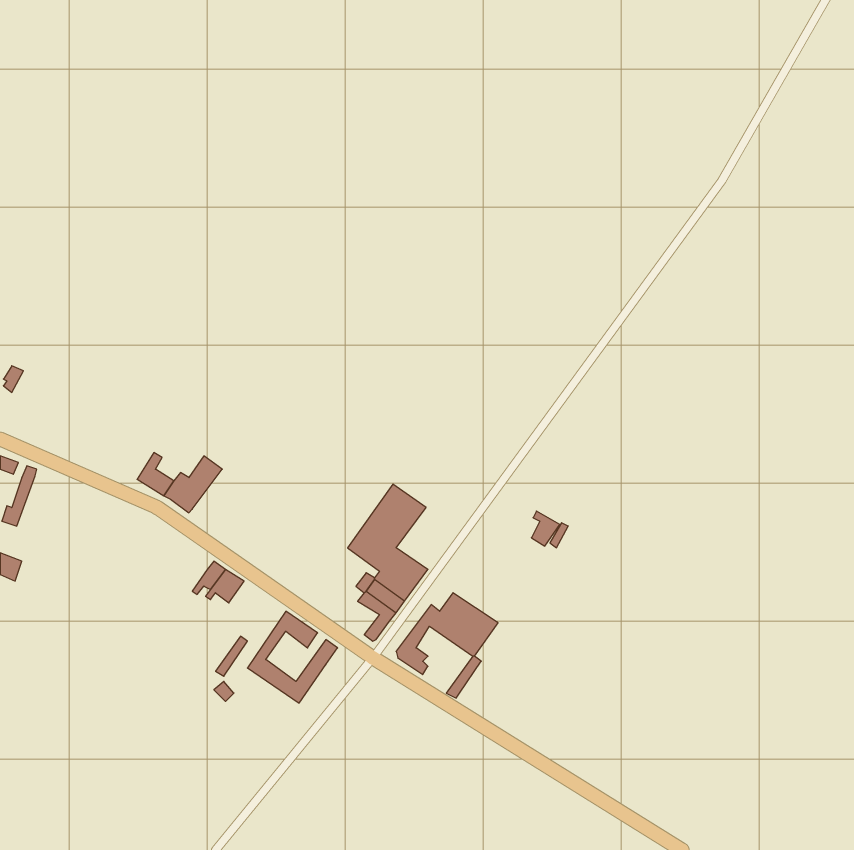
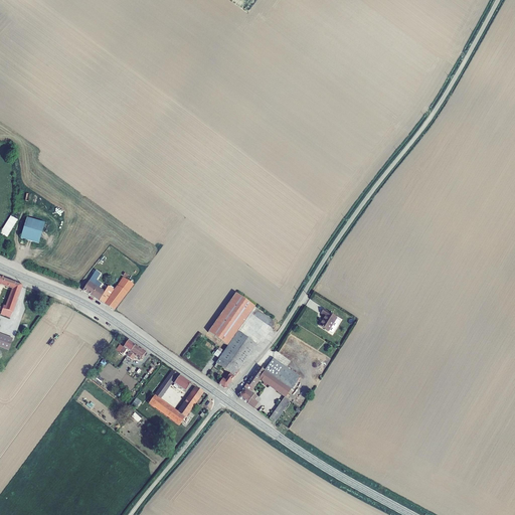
building: none -> [21,216,44,241]

